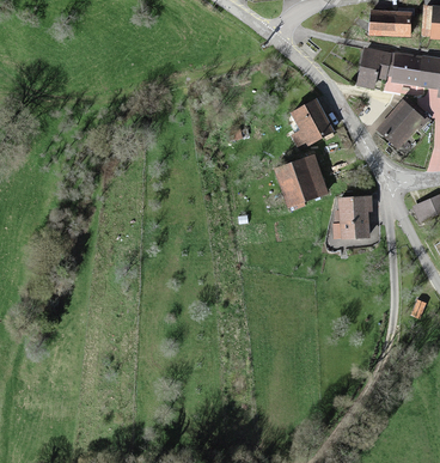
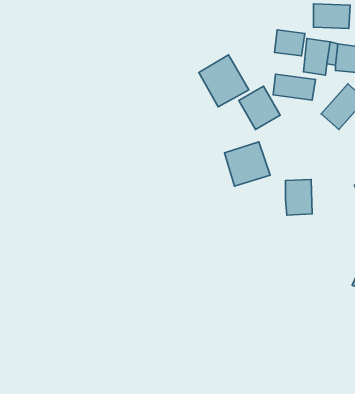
building: none -> [275,30,305,56]
building: none -> [199,55,249,107]
building: none -> [273,74,316,100]

